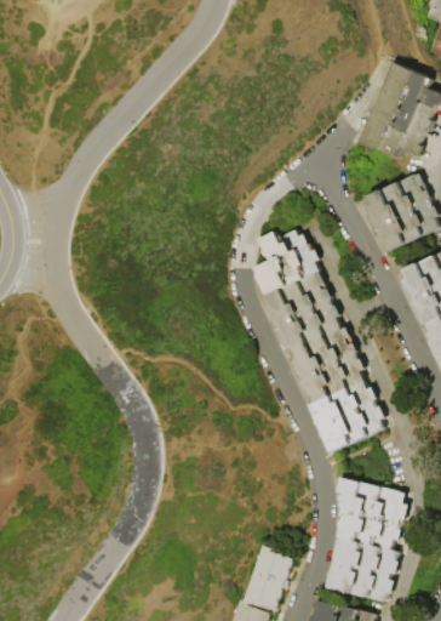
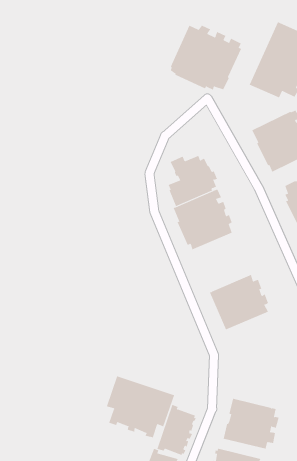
building: none -> [170,25,242,90]
building: [286,326,362,403] -> none
building: [336,478,406,549] -> none
building: none -> [106,375,175,438]

